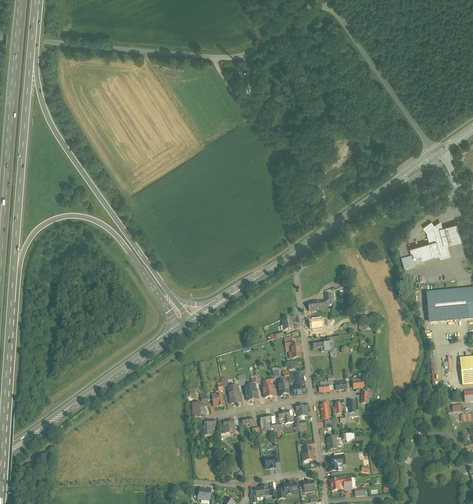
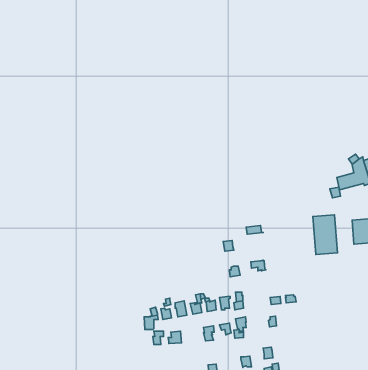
building: none -> [313,215,338,255]

